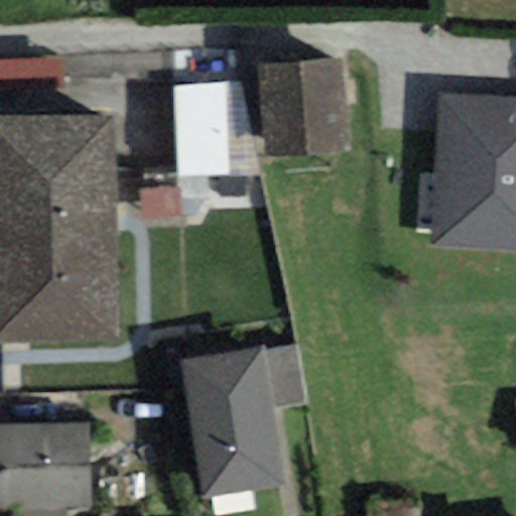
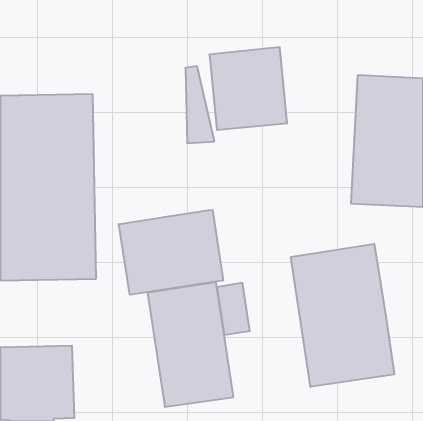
building: [171,83,228,176] -> none
building: none -> [119,210,223,295]
building: none -> [291,244,394,387]

